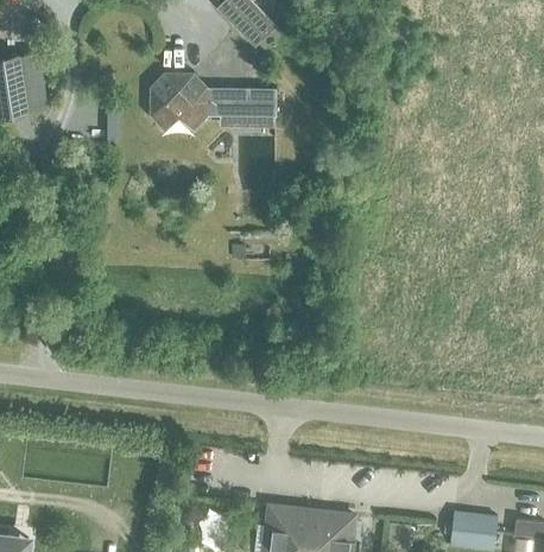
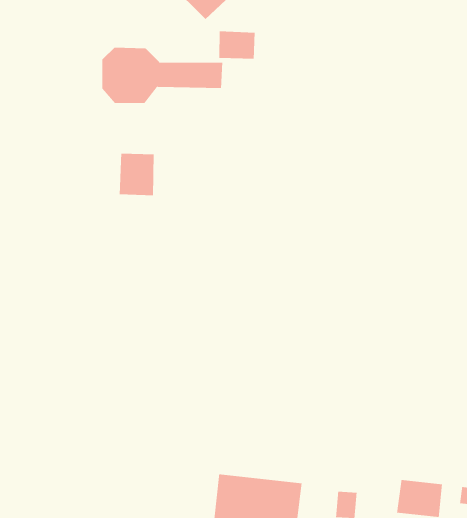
building: none -> [219,31,256,60]
building: none -> [119,153,155,196]

